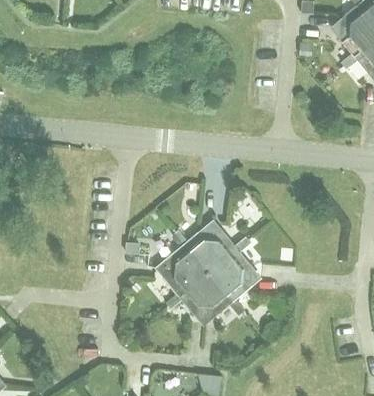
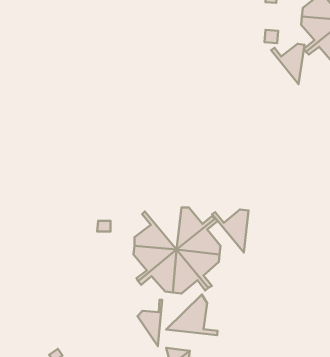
building: none -> [271,44,304,84]
building: [175,226,213,271] -> [212,209,249,252]
building: none -> [166,295,217,335]
building: none -> [137,300,162,346]

